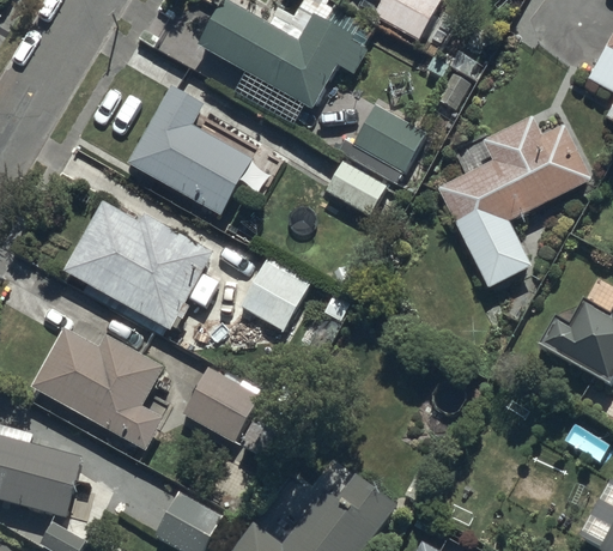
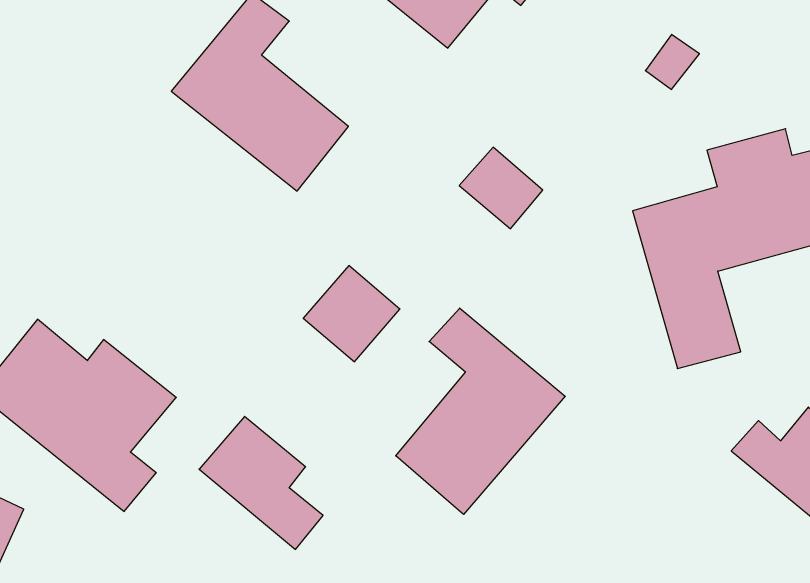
building: [358,107,424,171] -> none
building: [63,194,207,329] -> none
building: none -> [396,308,565,514]

